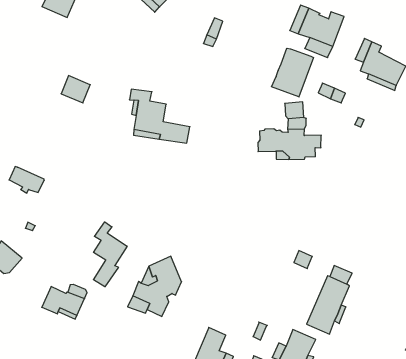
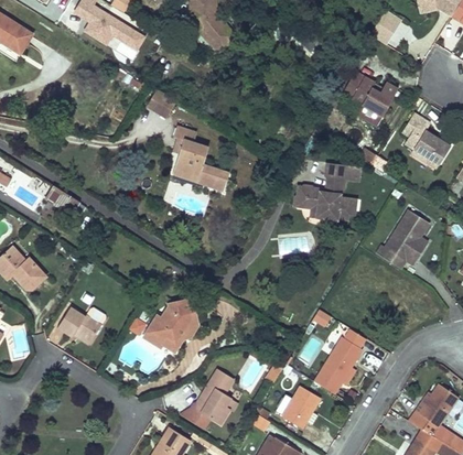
building: [271,48,314,97] -> none
building: [61,76,90,103] -> [146,88,175,117]
building: none -> [376,210,428,267]
building: [93,222,127,287] -> none

